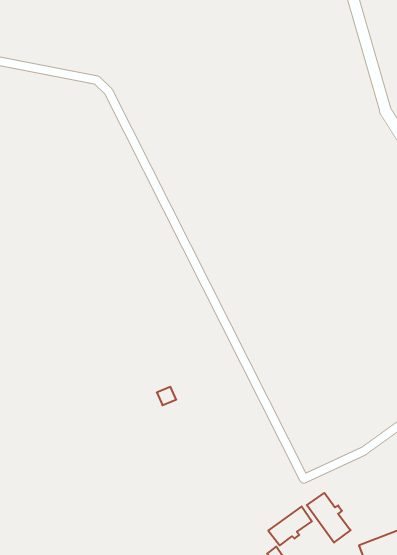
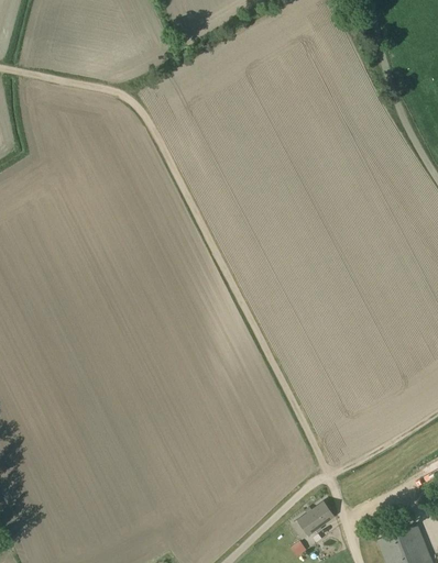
building: [307,493,351,543] -> none

